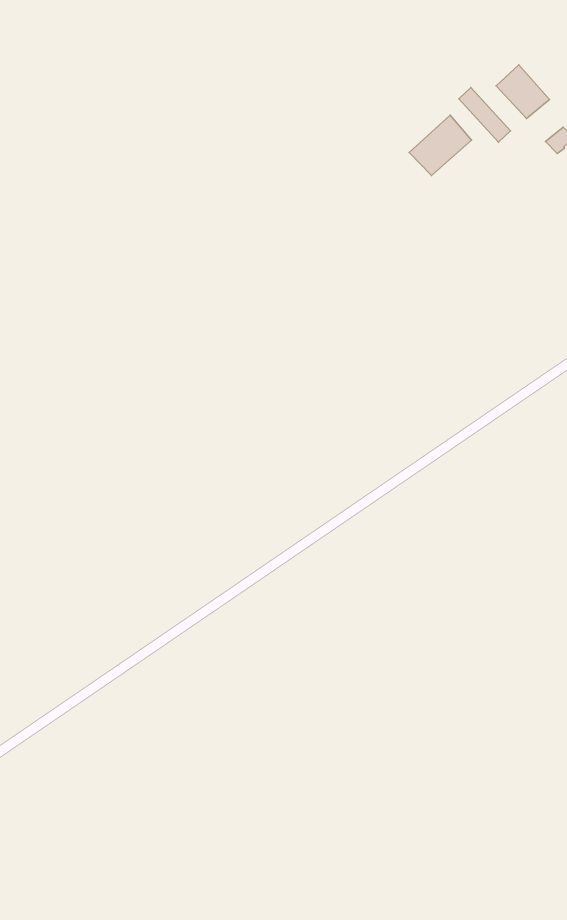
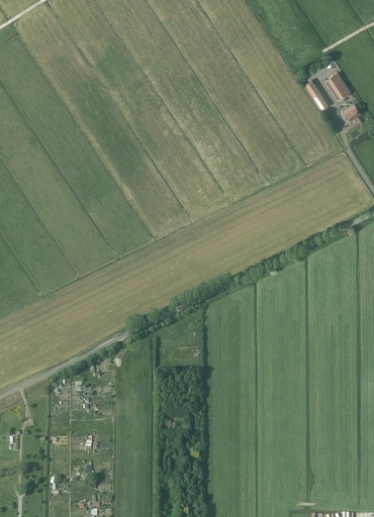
building: [409,115,472,175] -> none

